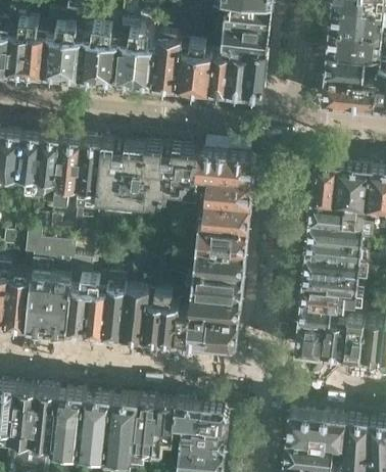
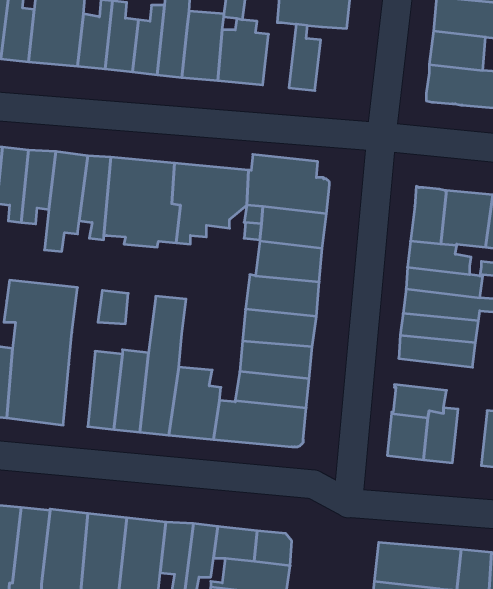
building: [207,51,231,97] -> none
building: [244,54,267,101] -> none
building: [66,267,91,336] -> none
building: [300,288,355,311] -> none
building: [341,323,366,364] -> none

